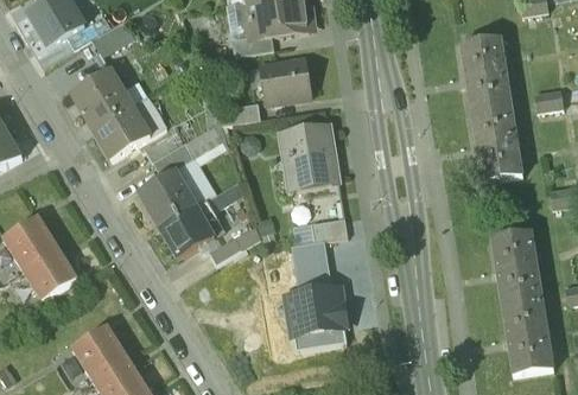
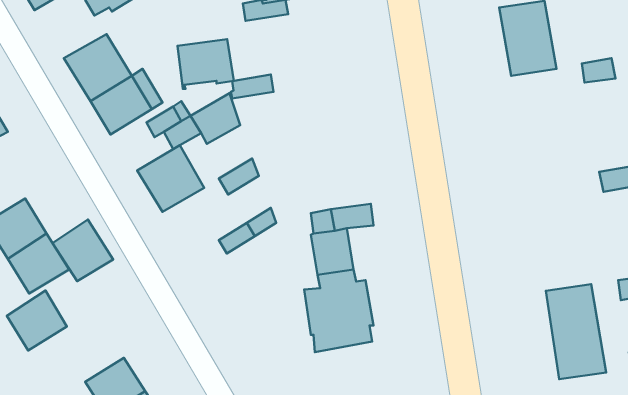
building: [259,60,309,104] -> [178,39,234,89]
building: [470,98,522,181] -> none
building: [279,123,339,191] -> none
building: [160,204,215,256] -> none
building: [491,230,541,295] -> none
building: none -> [52,219,113,281]
building: [72,323,126,376] -> [7,291,67,351]

